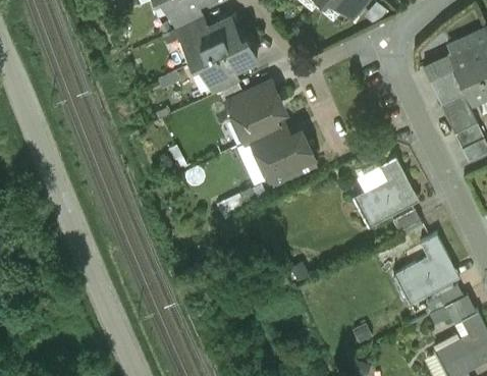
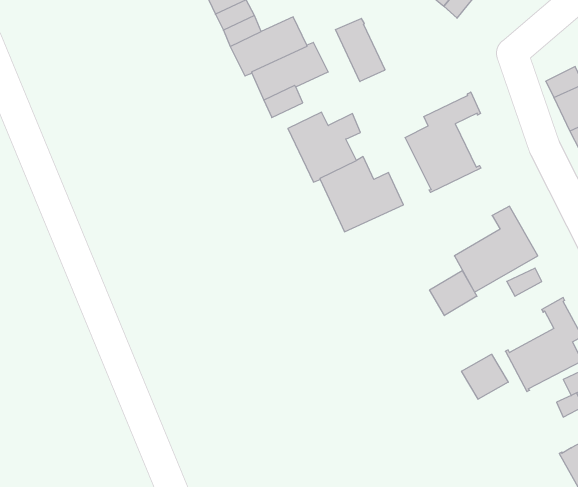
building: none -> [336,18,385,82]
building: none -> [405,92,481,192]
building: none -> [430,271,477,316]
building: none -> [462,354,508,399]

